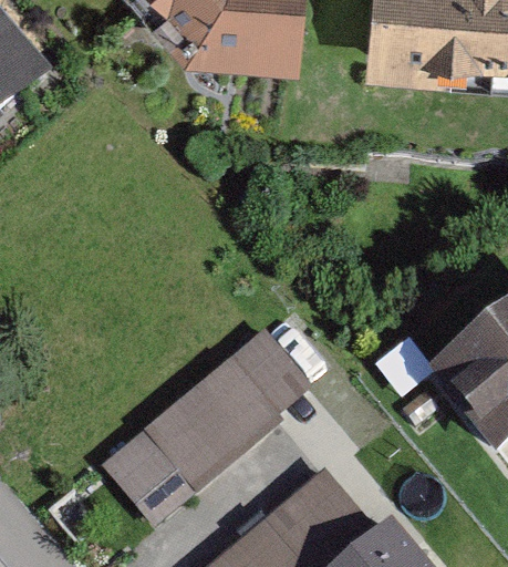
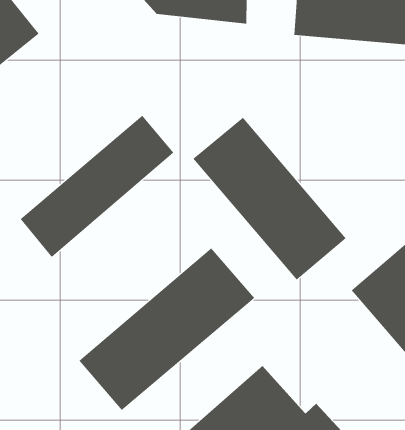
building: none -> [20,115,174,258]
building: none -> [193,117,346,280]

